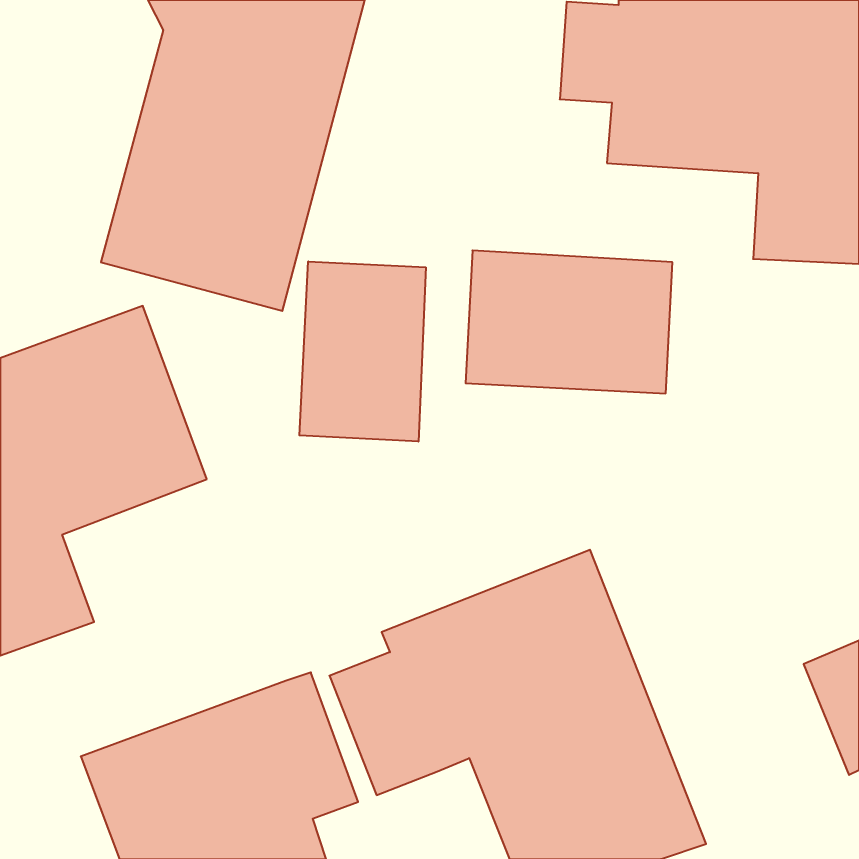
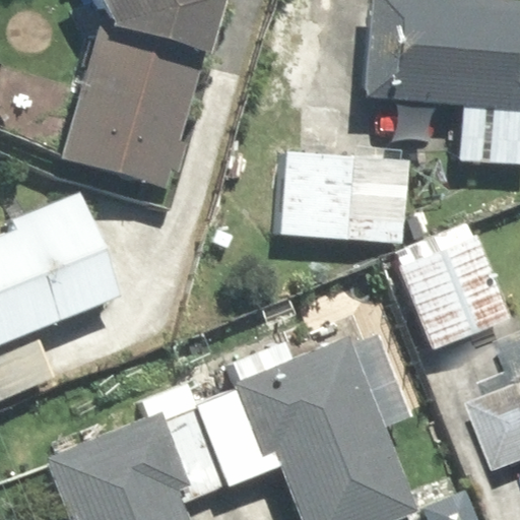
building: [299,261,426,442] -> none
building: none -> [390,217,512,348]

